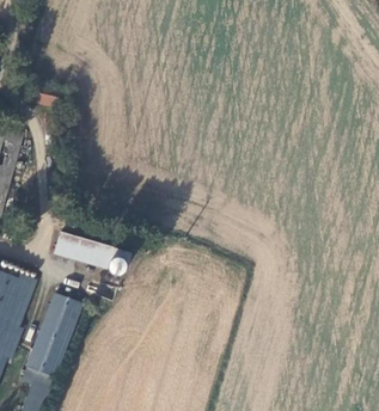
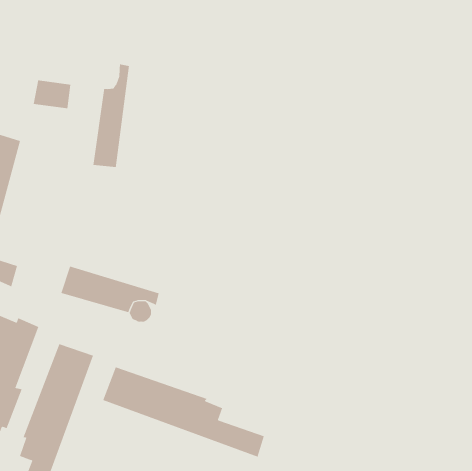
building: none -> [93,63,129,168]
building: none -> [102,366,265,458]

